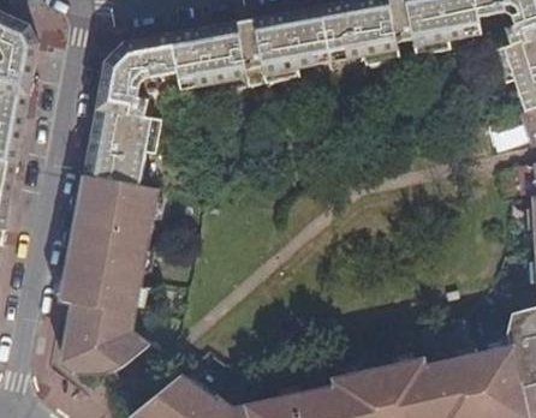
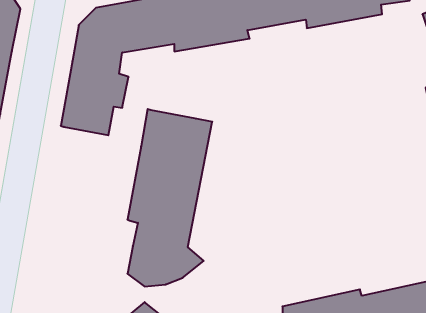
building: [61,175,157,376] -> [127,109,212,286]

